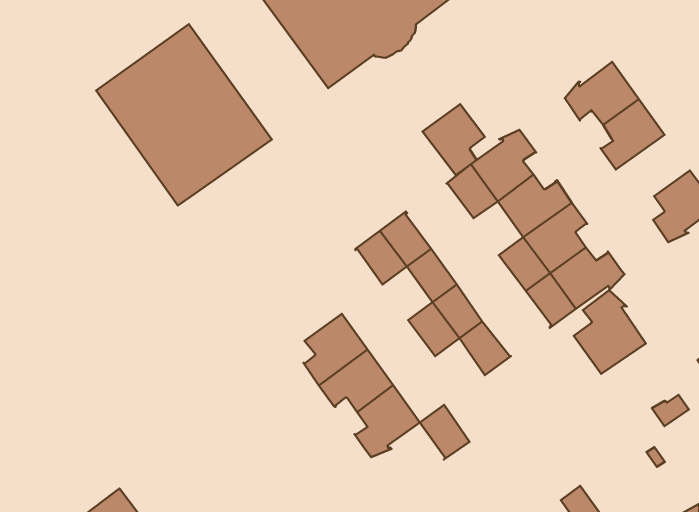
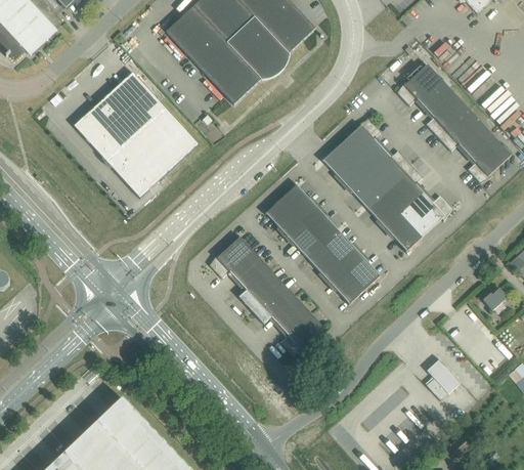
building: [423,104,485,175] -> none
building: none -> [438,110,489,153]
building: none -> [344,169,380,206]
building: none -> [287,221,322,258]
building: none -> [209,237,261,281]
building: [574,290,646,374] -> none
building: [420,405,470,460] -> [329,266,364,304]

